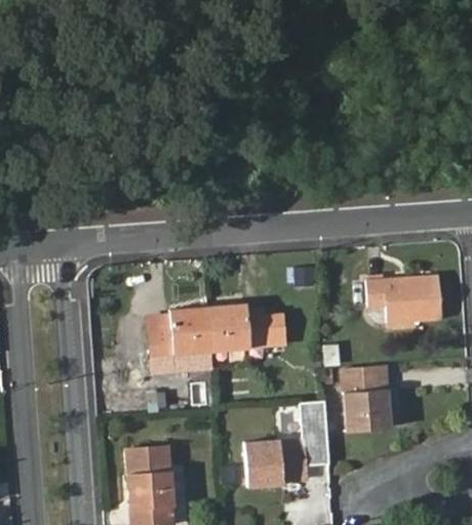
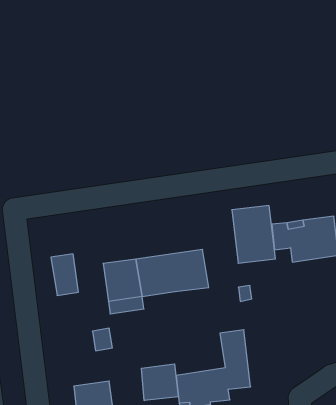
building: [145,311,173,357] -> [51,254,78,295]
building: [342,367,388,431] -> [232,206,275,263]
building: none -> [141,364,178,401]

